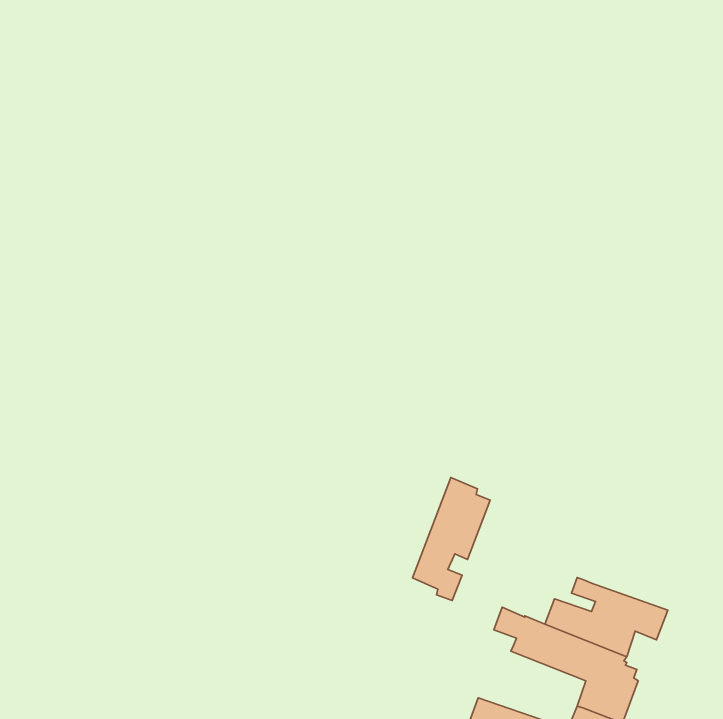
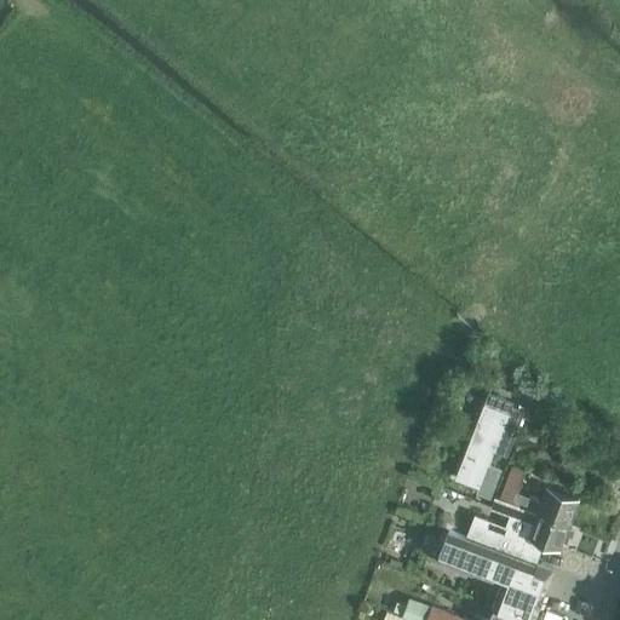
building: [412,477,490,601] -> [457,394,523,499]
building: none -> [500,469,580,526]

